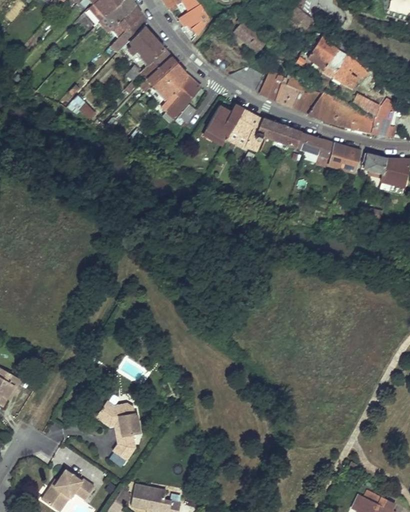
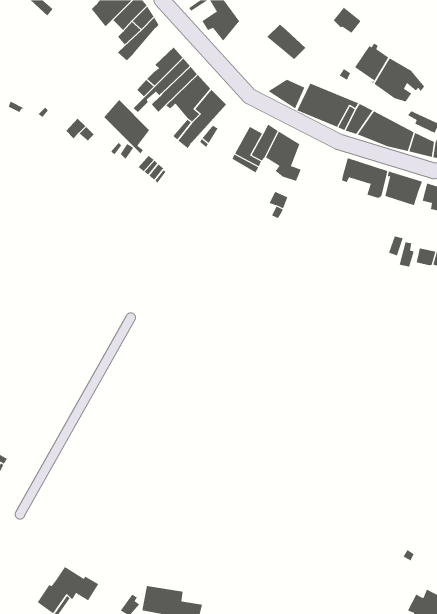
building: [124,24,157,60] -> none
building: none -> [104,99,150,154]
building: [255,118,301,146] -> none
building: [96,404,140,460] -> none

